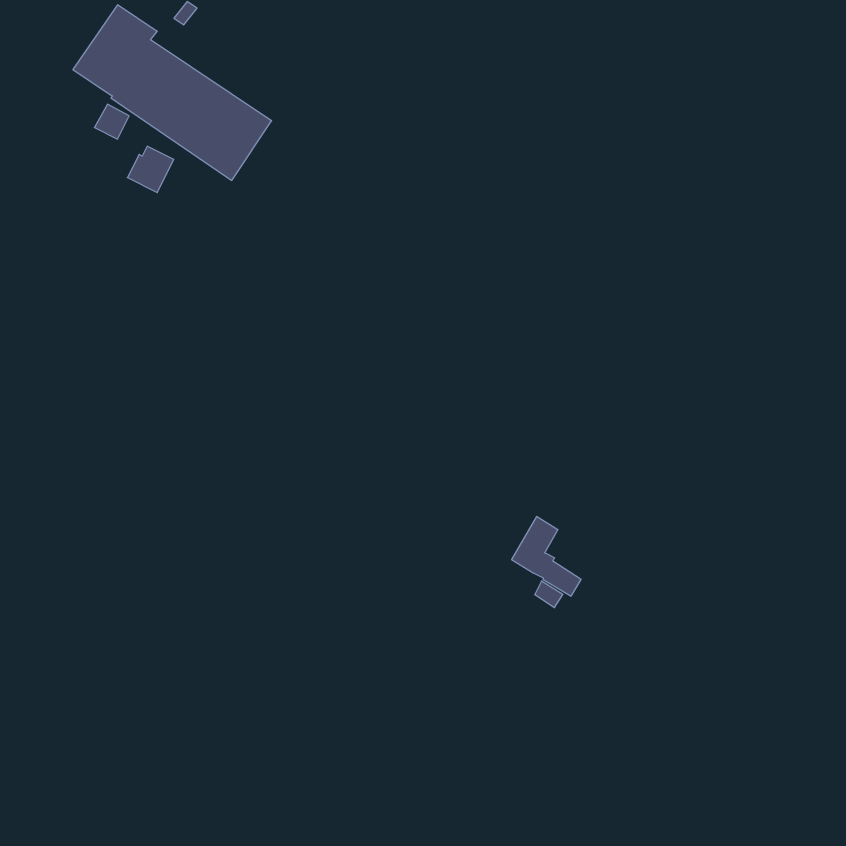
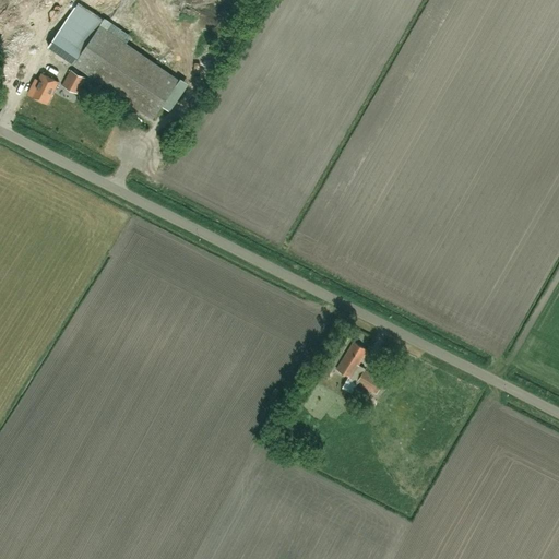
building: [127,146,174,193] -> [28,72,59,103]

